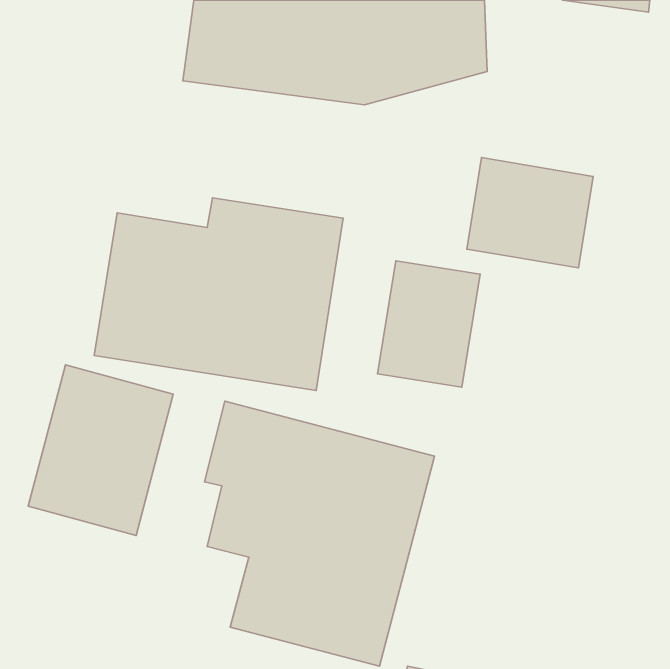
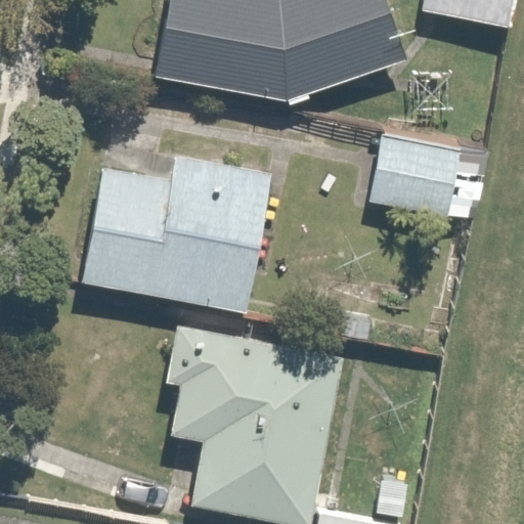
building: [378,261,480,387] -> none
building: [28,365,173,535] -> none

